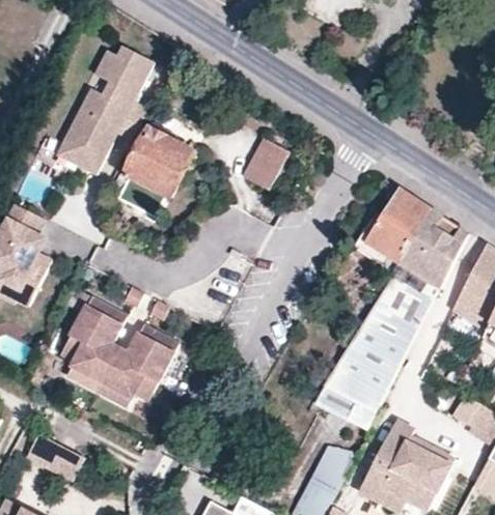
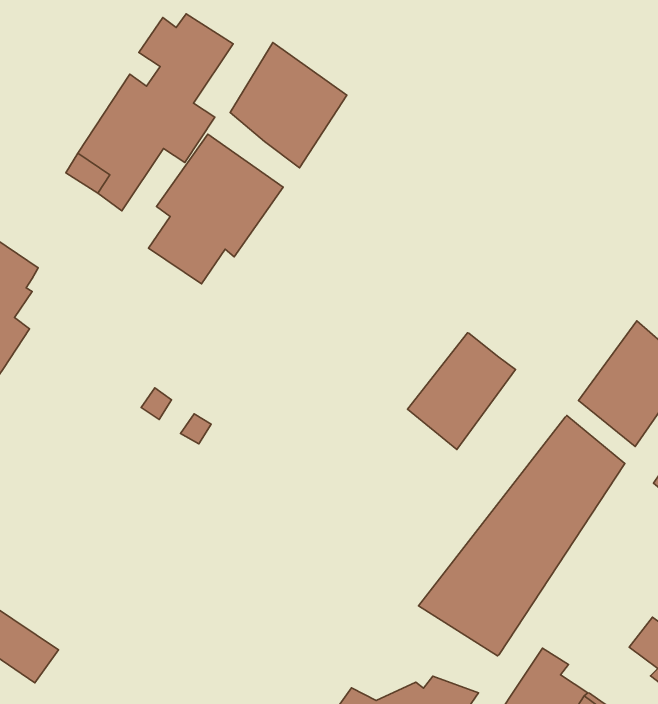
building: none -> [230,43,347,168]
building: [241,139,287,192] -> none
building: [365,188,431,262] -> [408,333,515,449]
building: [56,292,177,405] -> none

